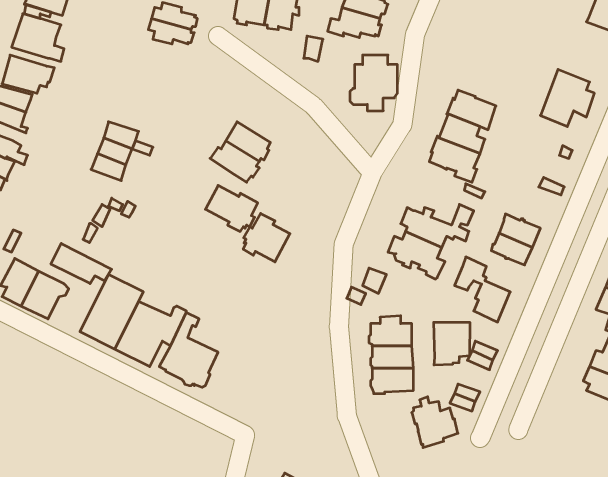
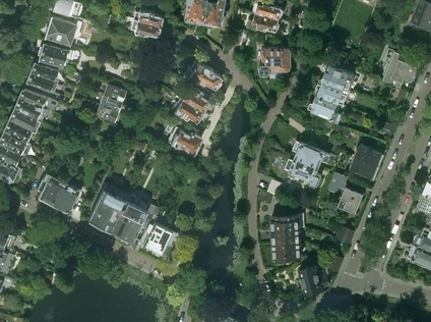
building: none -> [188,62,221,91]
building: [243,213,290,262] -> none
building: [51,243,112,284] -> none
building: [434,322,470,365] -> none

